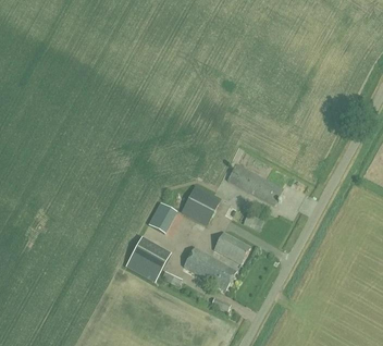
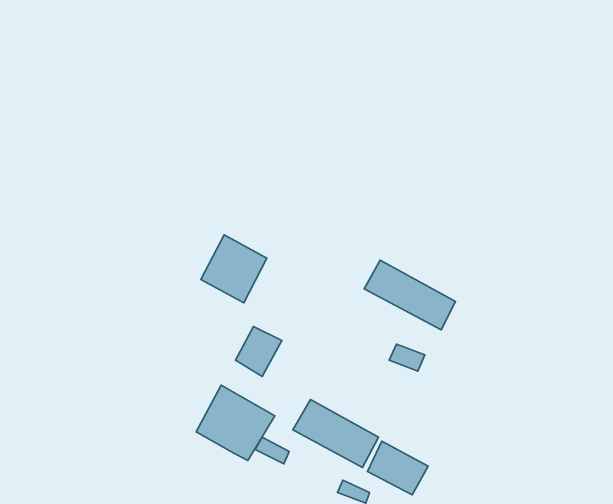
building: [180,184,220,225] -> [201,235,267,303]
building: [212,230,249,262] -> [367,441,428,495]

